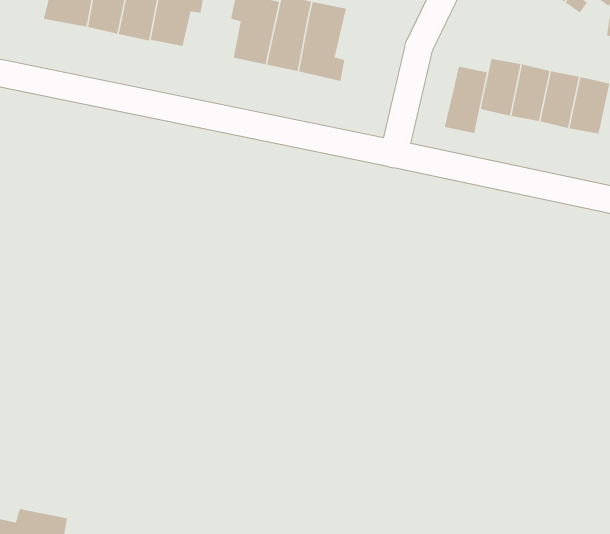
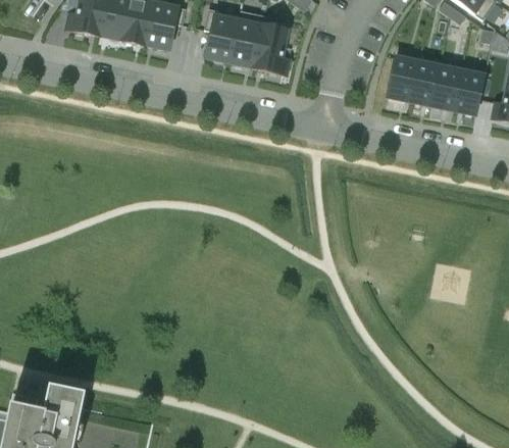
building: [444,66,488,134] -> none

